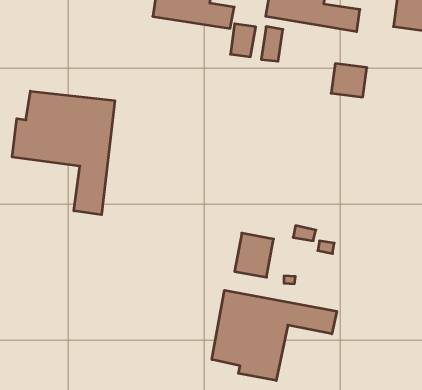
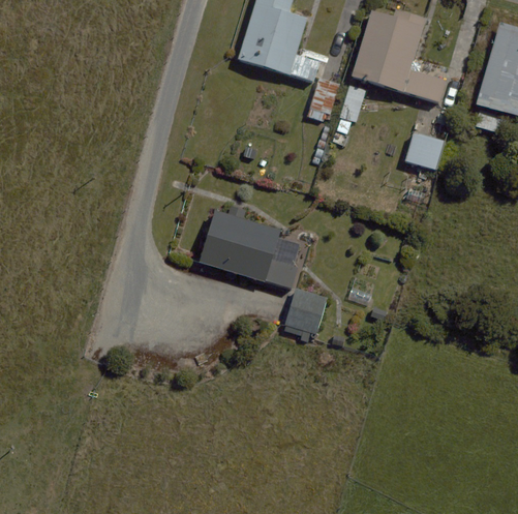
building: [12,91,115,215] -> none
building: none -> [199,210,300,286]
building: [212,290,337,381] -> none

